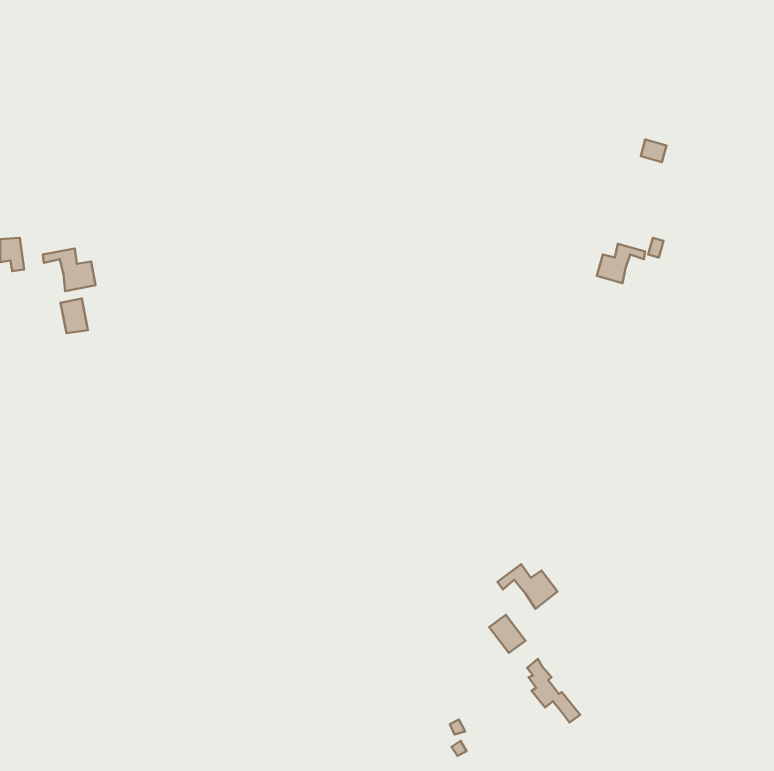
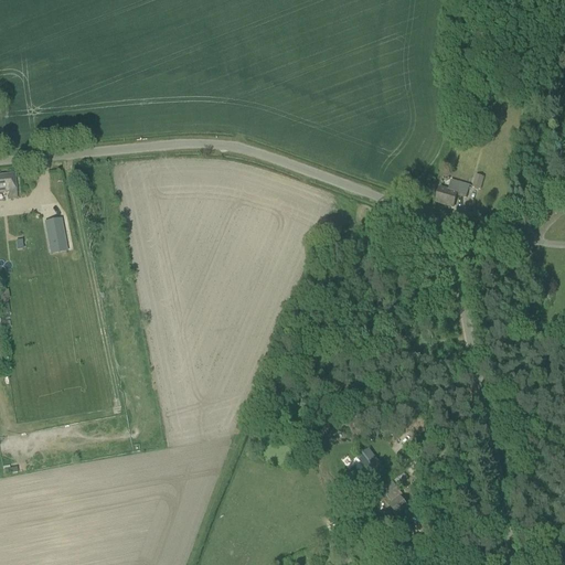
building: [43,248,96,291] -> none
building: [498,564,558,609] -> none

